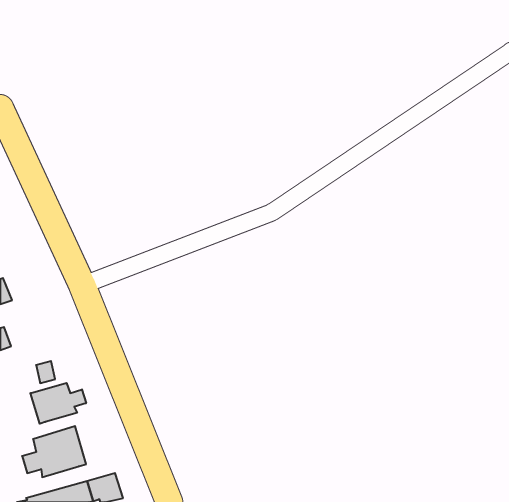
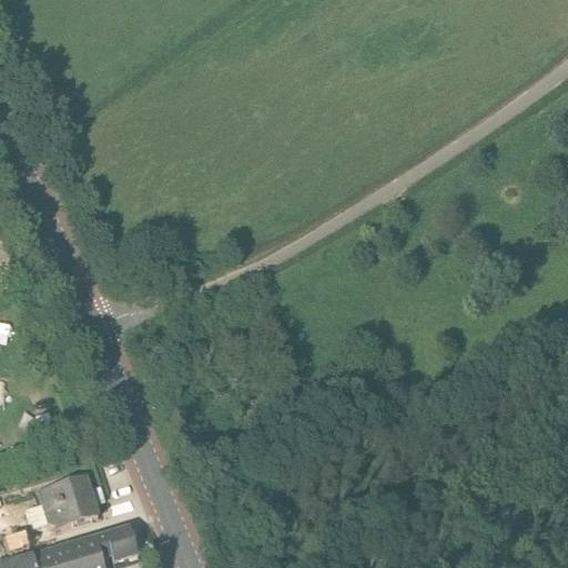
building: [30,383,86,424] -> none

